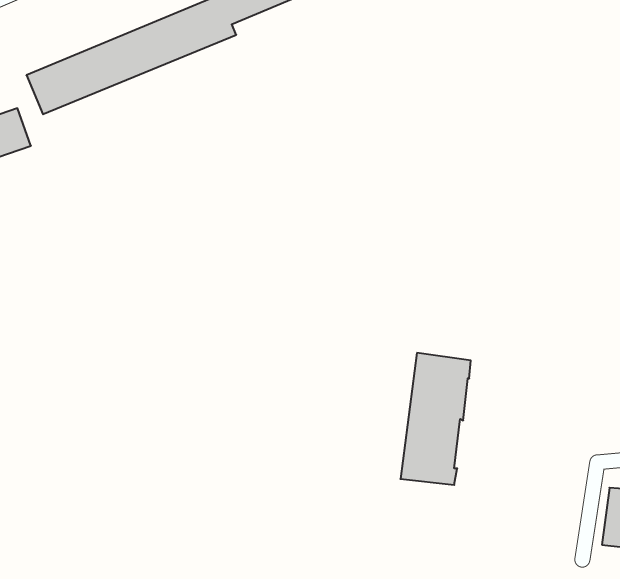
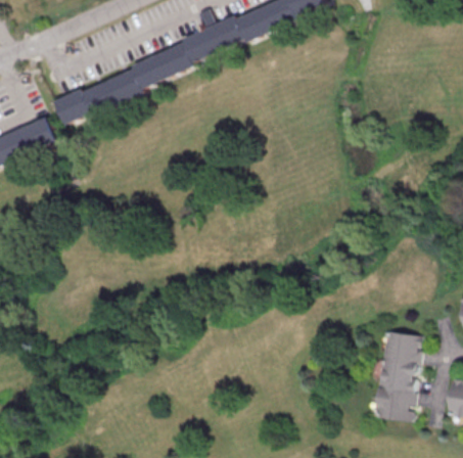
building: [400,353,471,485] -> [375,330,423,420]

